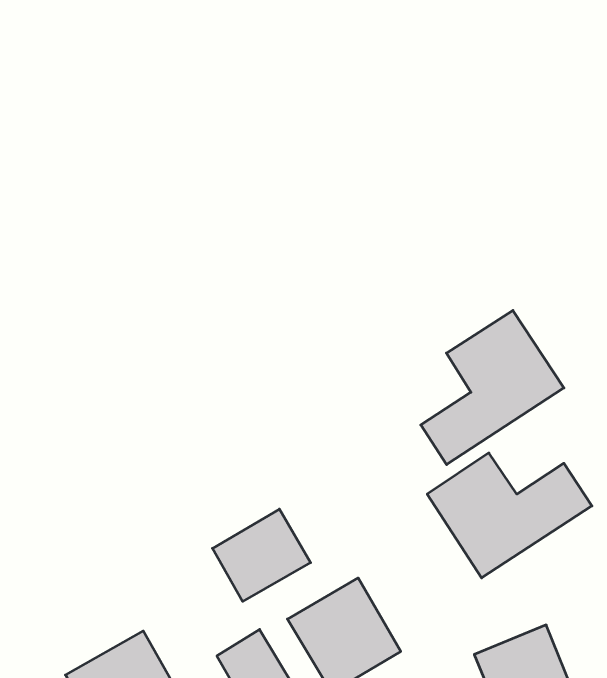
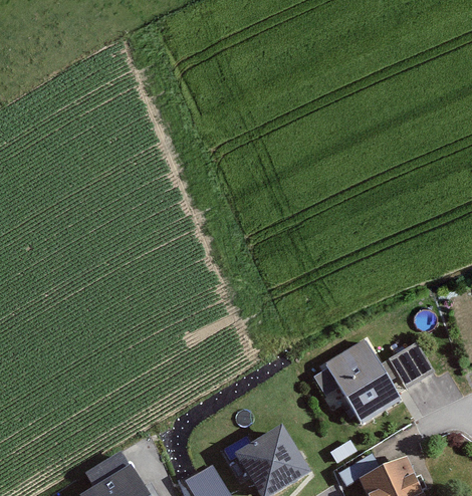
building: [421,310,564,465] -> none
building: [212,509,311,601] -> none

